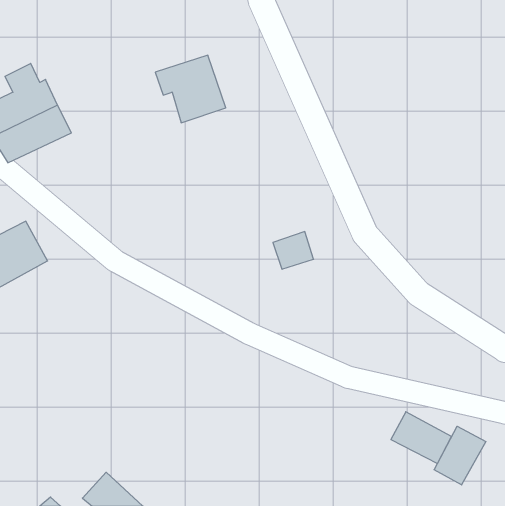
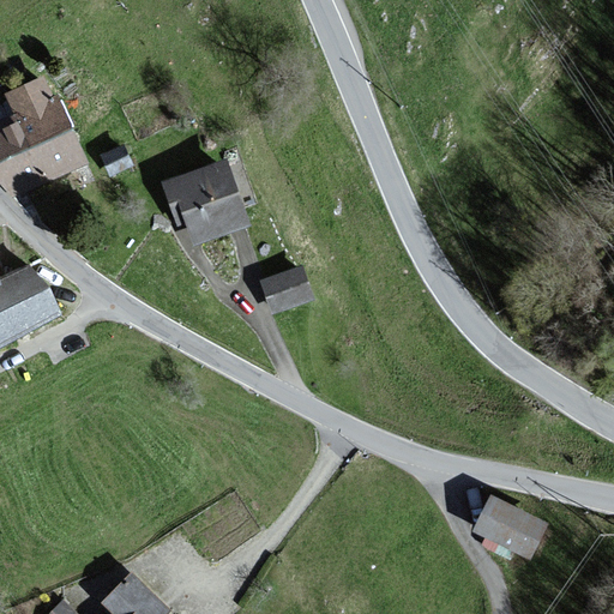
building: [155,55,226,123] -> [159,161,245,242]
building: [273,232,314,269] -> [259,267,308,313]
building: [434,426,486,485] -> none

